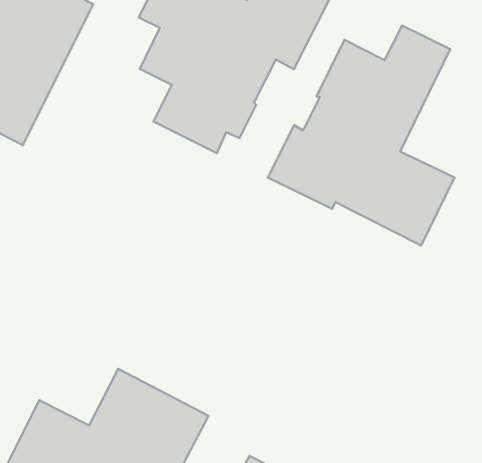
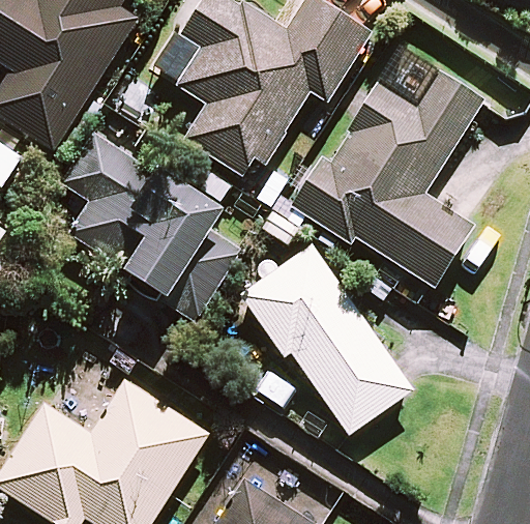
building: none -> [62,133,243,322]
building: none -> [240,244,414,435]

